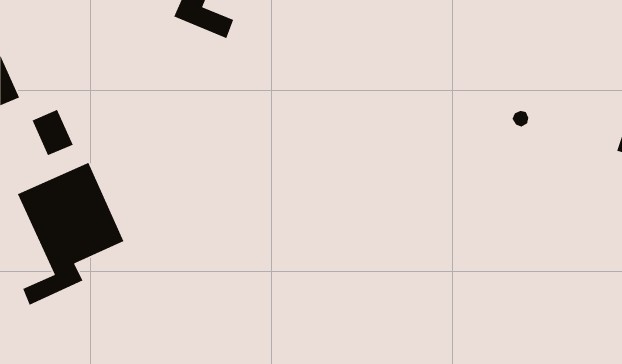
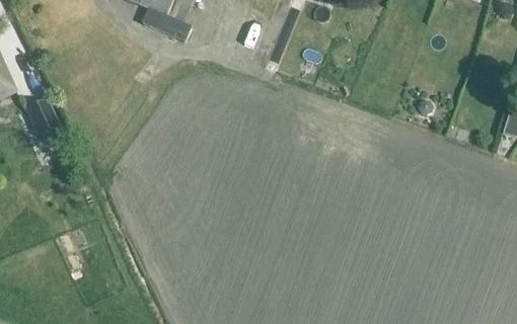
building: [17,162,125,306] -> none

